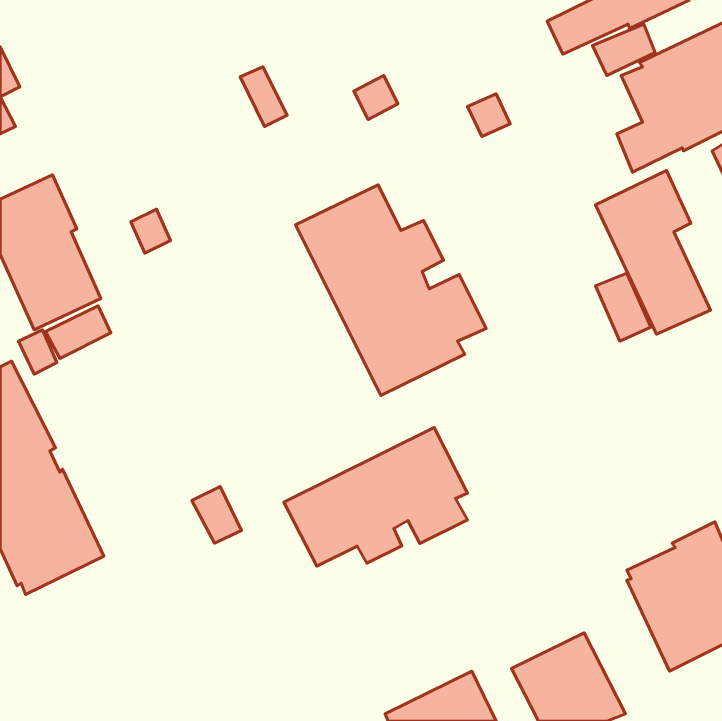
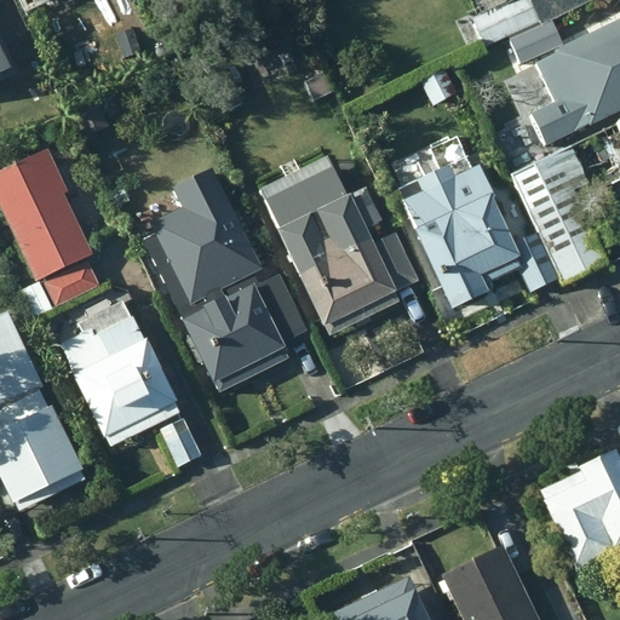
building: none -> [400,166,519,314]
building: none -> [145,178,308,369]
building: none -> [59,302,178,449]
building: [284,428,468,566] -> none

